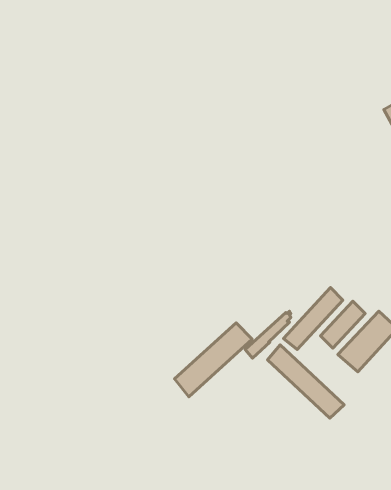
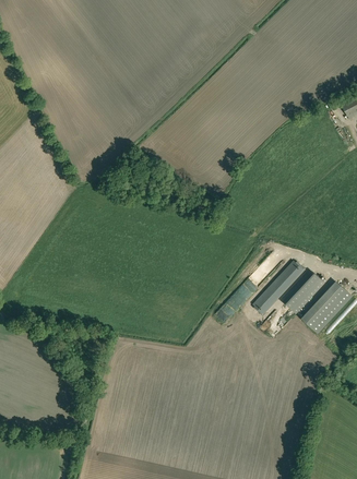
building: [174,323,252,397] -> none
building: [268,345,344,418] -> none

